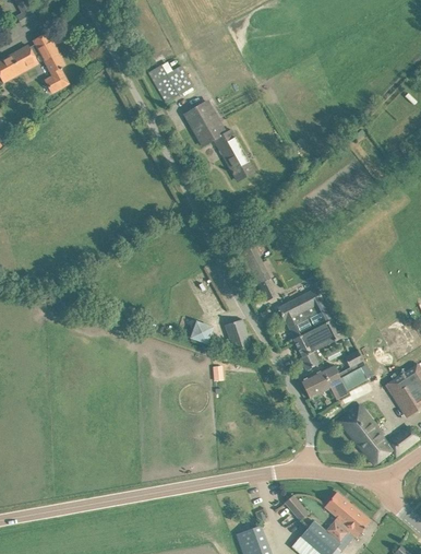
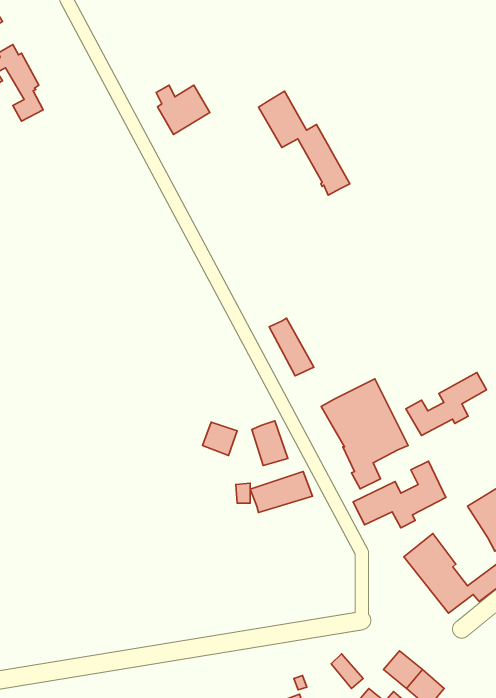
building: [185,103,254,181] -> [259,91,350,195]
building: none -> [406,373,487,435]
building: none -> [250,471,313,513]

